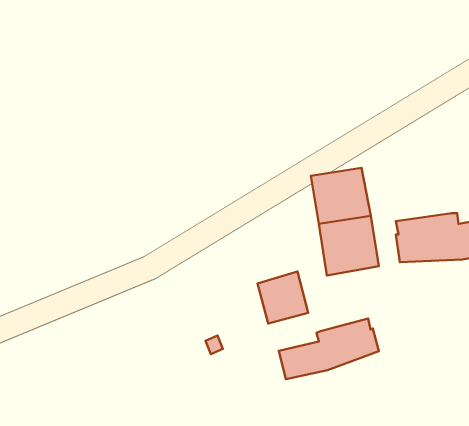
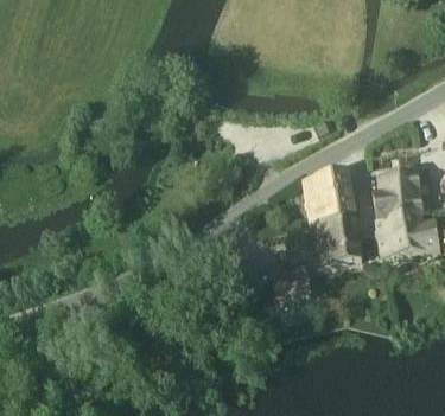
building: none -> [371,168,426,217]
building: [279,318,379,379] -> none

